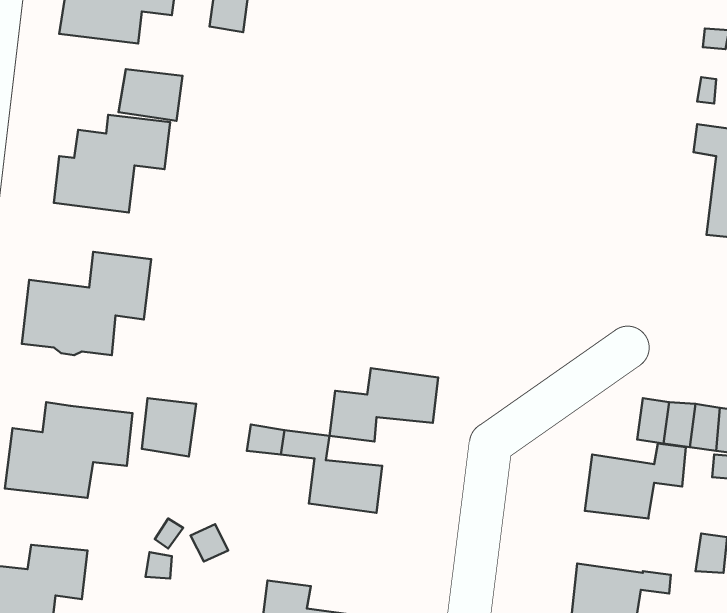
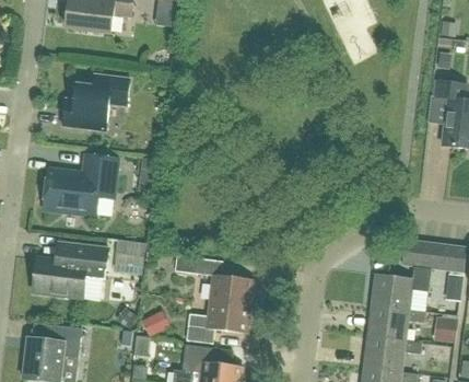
building: [118,69,182,121] -> none
building: [329,368,438,441] -> [186,300,249,343]
building: none -> [366,304,424,340]

